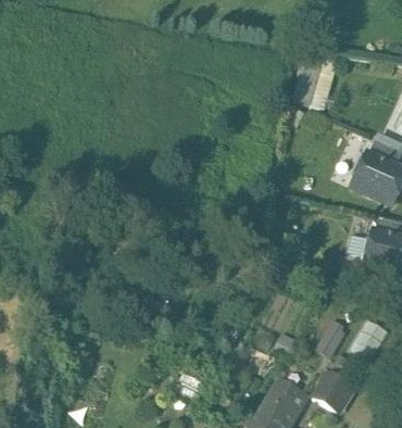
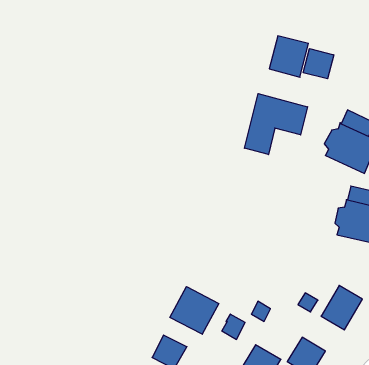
building: none -> [303,49,334,79]
building: none -> [244,94,308,155]
building: none -> [170,287,219,334]

